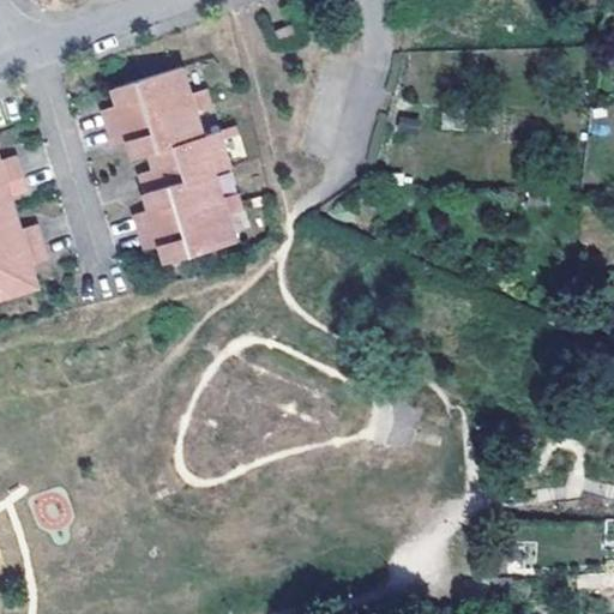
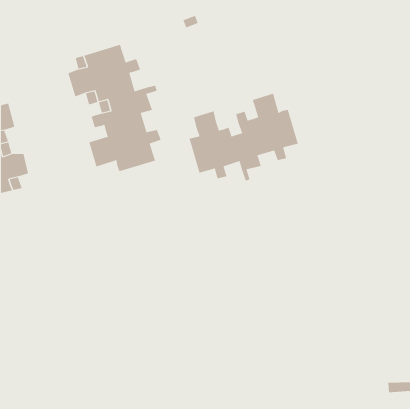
building: none -> [189,93,299,181]

